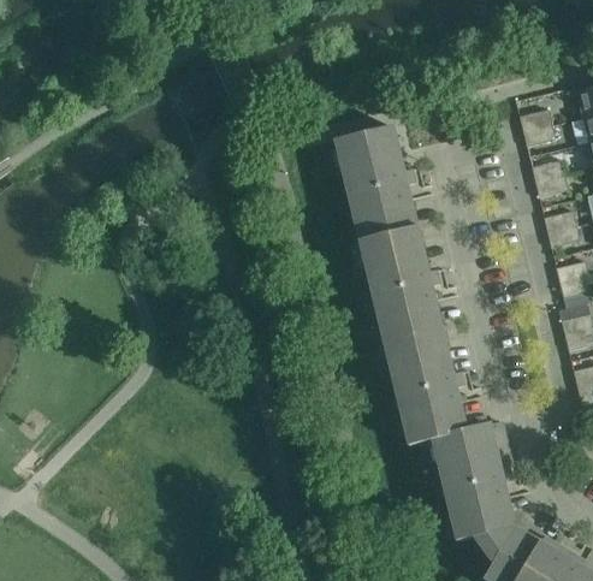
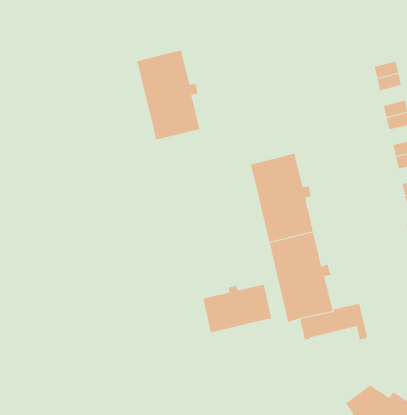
building: [334,126,417,243] -> [136,50,200,140]
building: none -> [203,284,272,333]
building: [438,452,515,552] -> none

